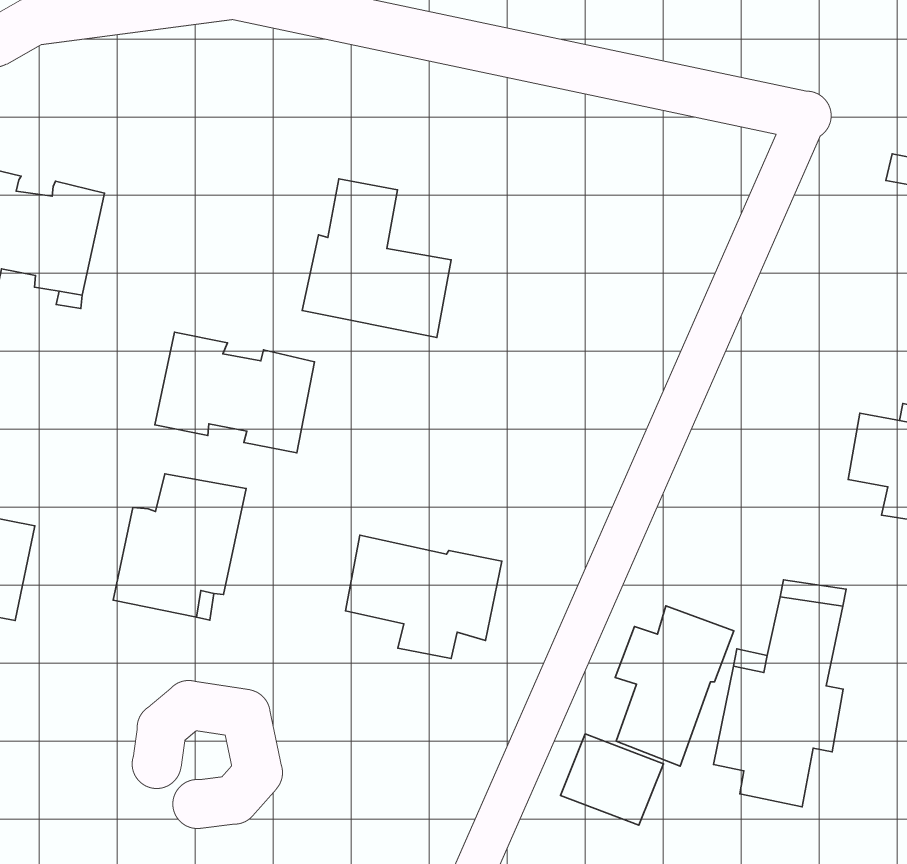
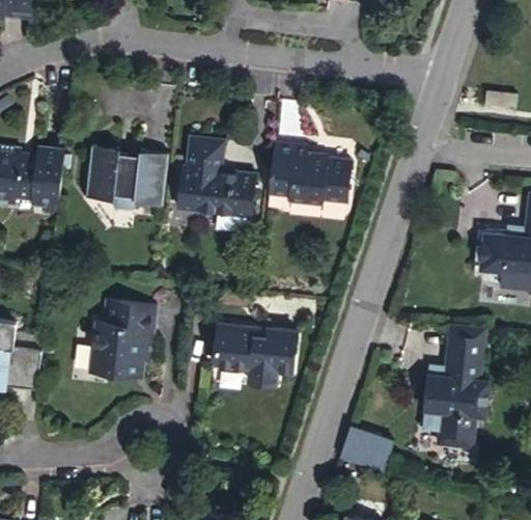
building: none -> [270,141,354,204]
building: [155,332,315,453] -> [86,146,169,206]
building: [615,606,734,766] -> none

